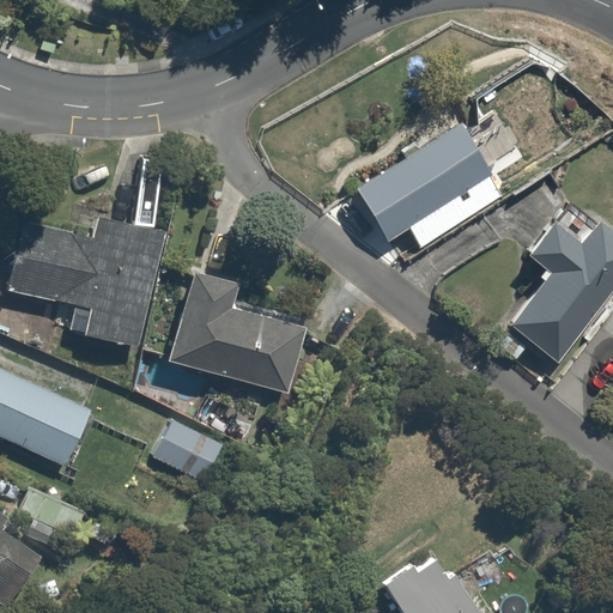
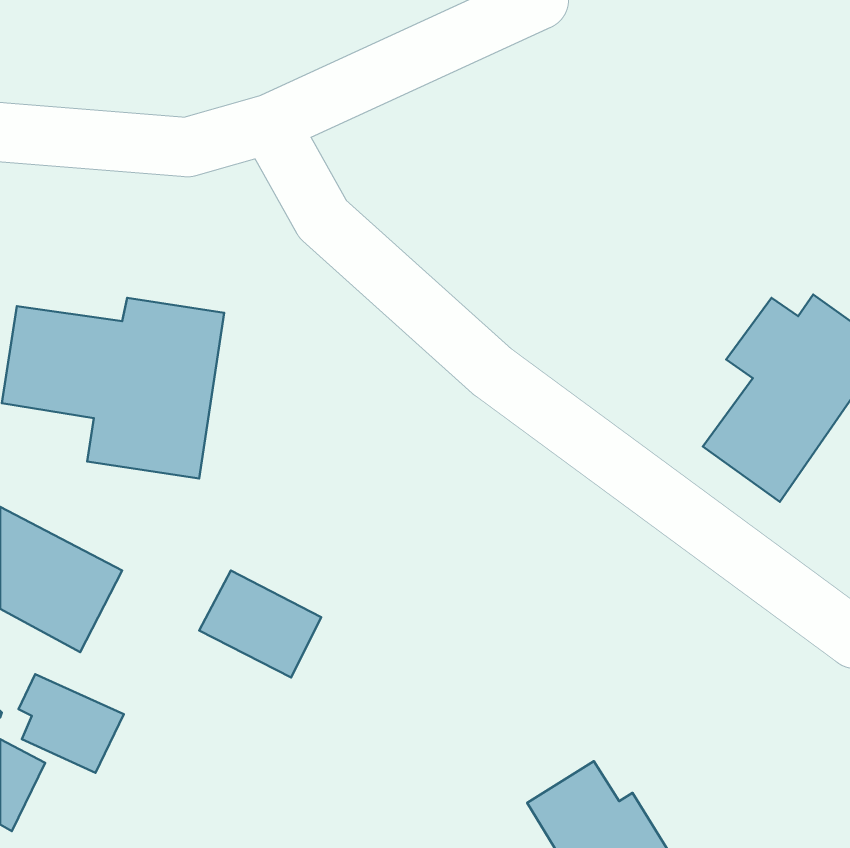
building: [354,128,508,247] -> none
building: [166,269,305,393] -> none

